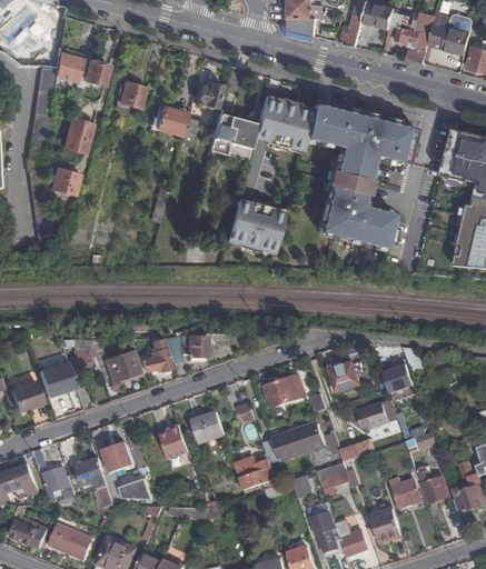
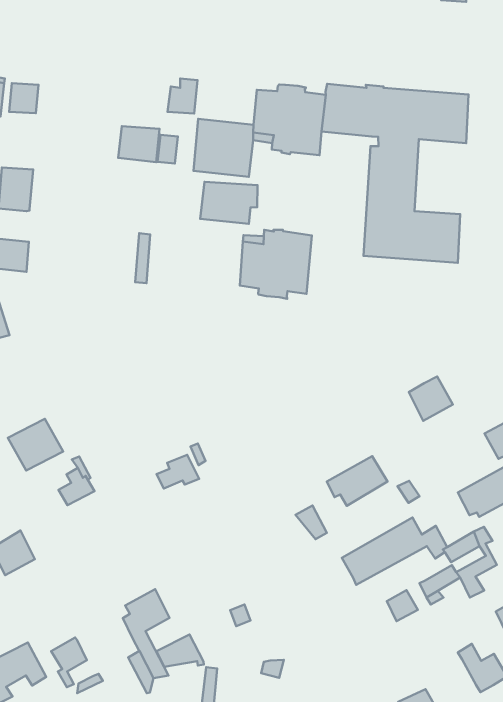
building: [117,82,142,108] -> none
building: none -> [200,182,258,224]
building: [180,336,206,355] -> none
building: [105,350,141,380] -> none
building: [38,360,76,395] -> [8,419,63,470]
building: [328,361,358,391] -> [409,376,453,421]
building: [190,410,225,441] -> none
building: [160,423,189,457] -> none
building: [65,457,103,488] -> none
building: [235,457,276,489] -> none
building: [307,497,344,553] -> none

